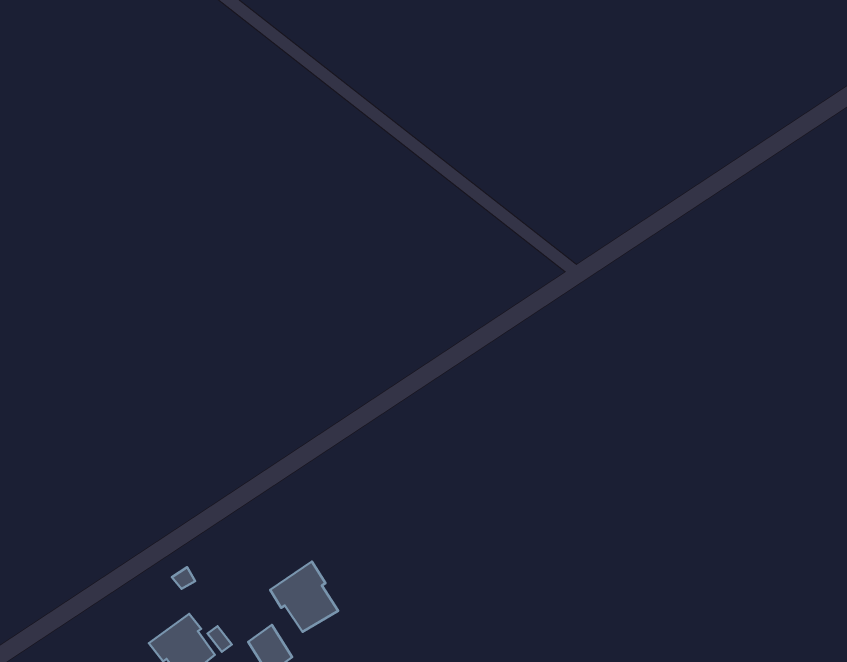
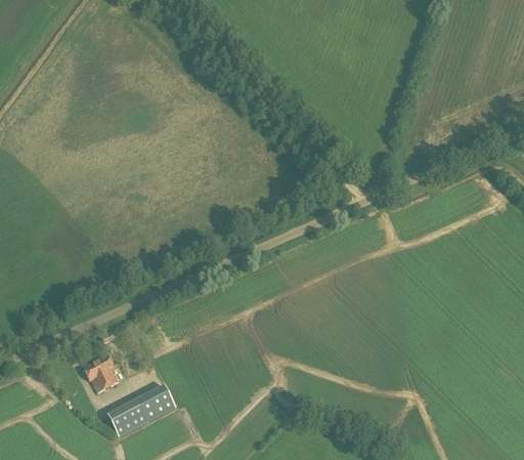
building: [270,561,338,632] -> none

